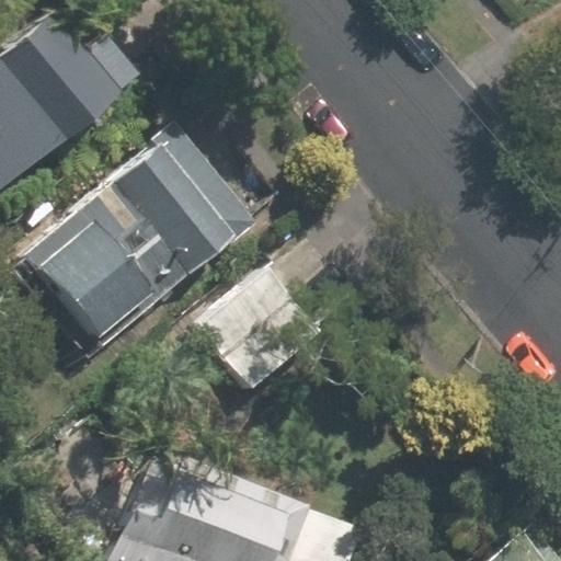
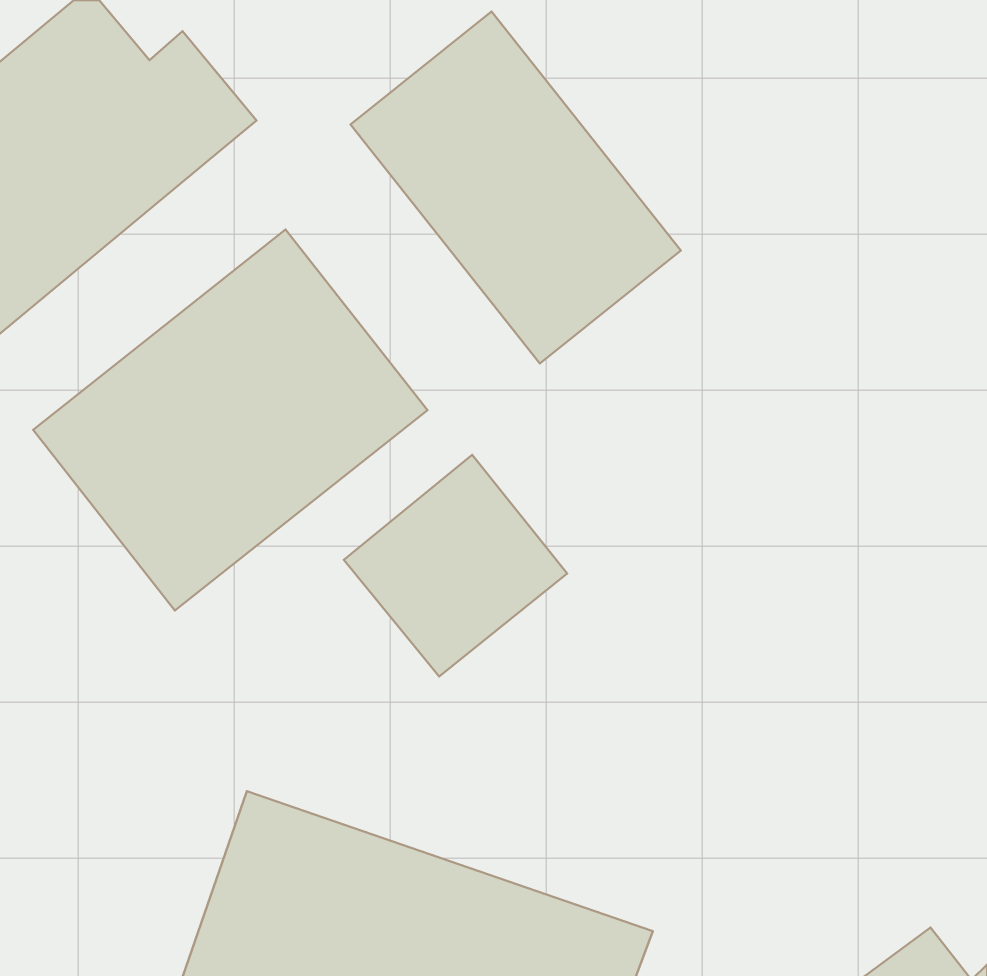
building: none -> [351,11,681,363]

